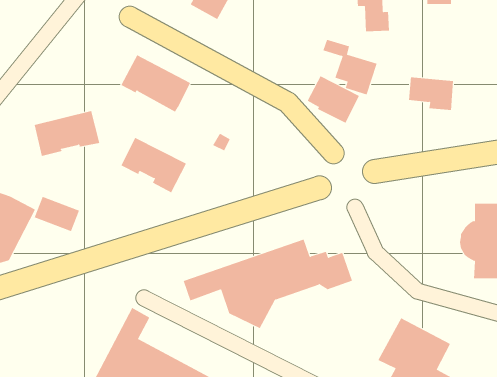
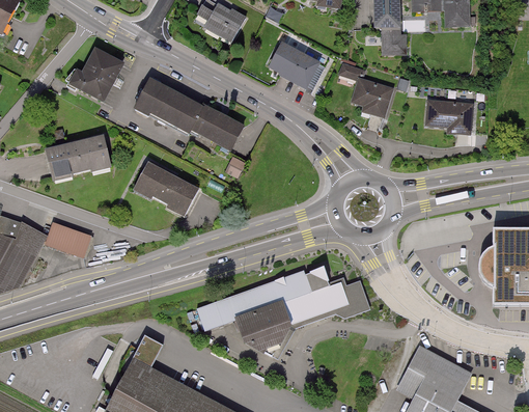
building: none -> [67,47,124,103]
building: [307,75,360,123] -> [268,40,322,89]
building: none -> [192,105,244,150]

